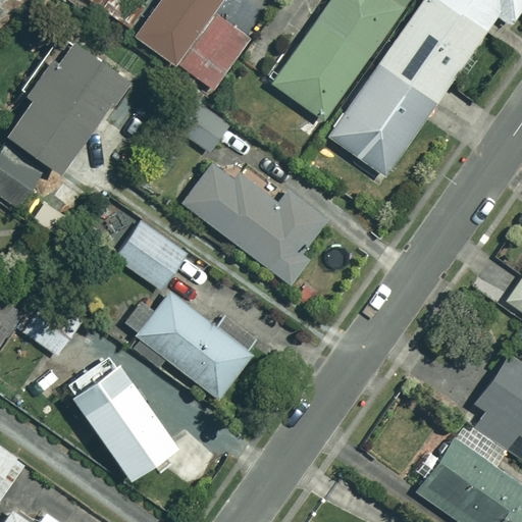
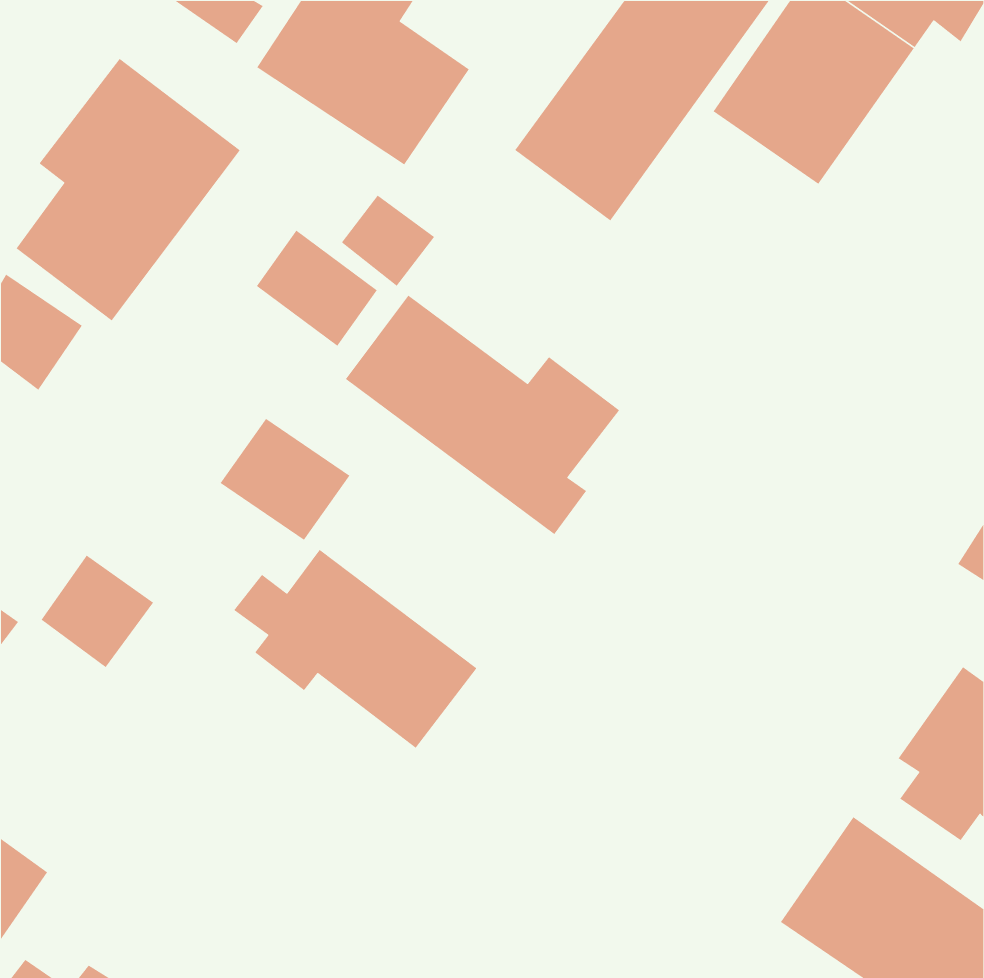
building: [325,62,433,174] -> none
building: none -> [256,230,378,347]
building: [66,354,217,491] -> none

